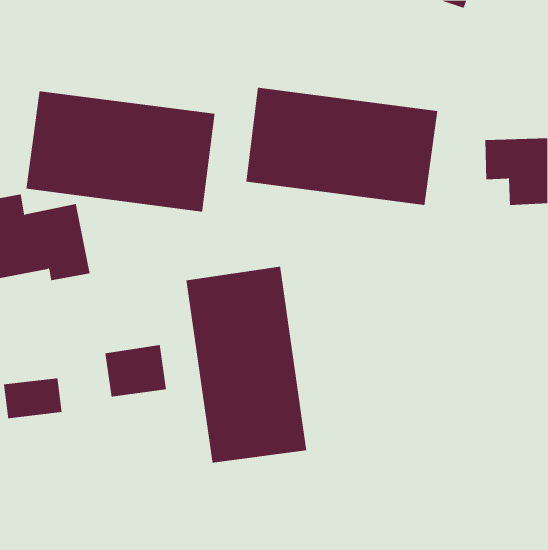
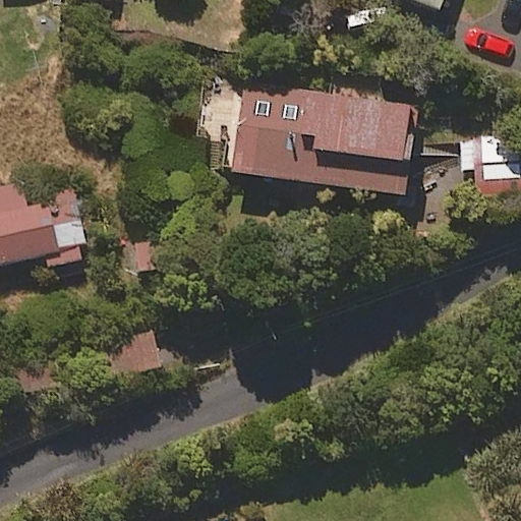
building: [26,90,215,212] -> none
building: [186,266,307,464] -> none

